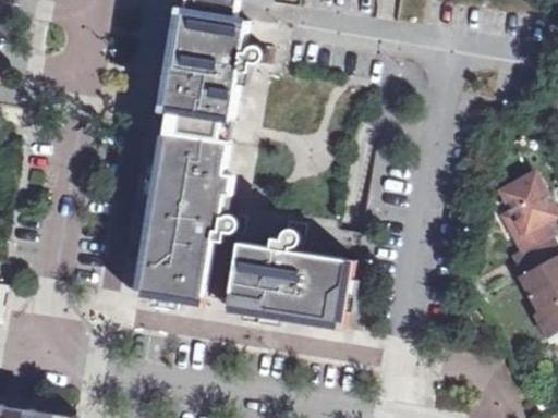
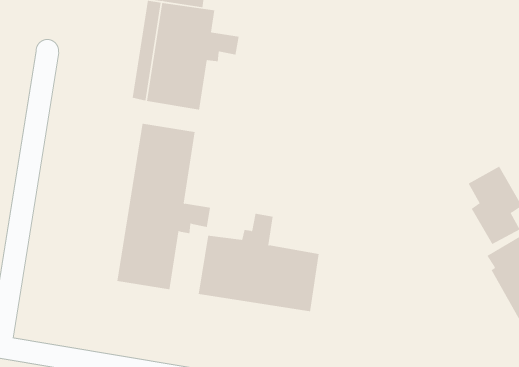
building: [131,130,201,306] -> none
building: [227,261,353,330] -> none

